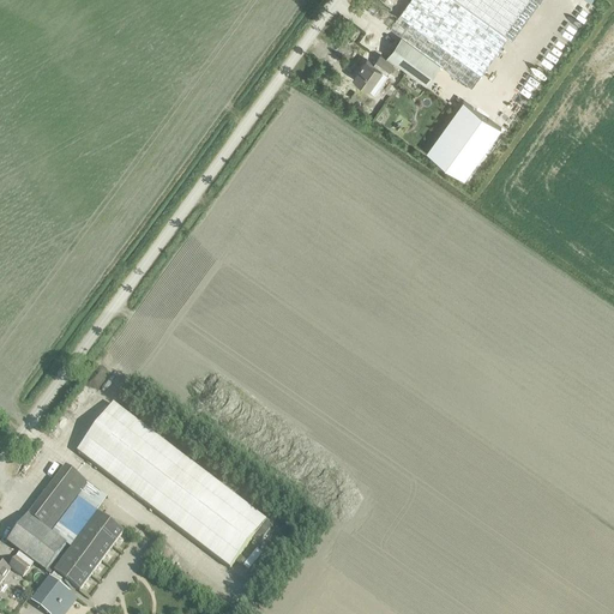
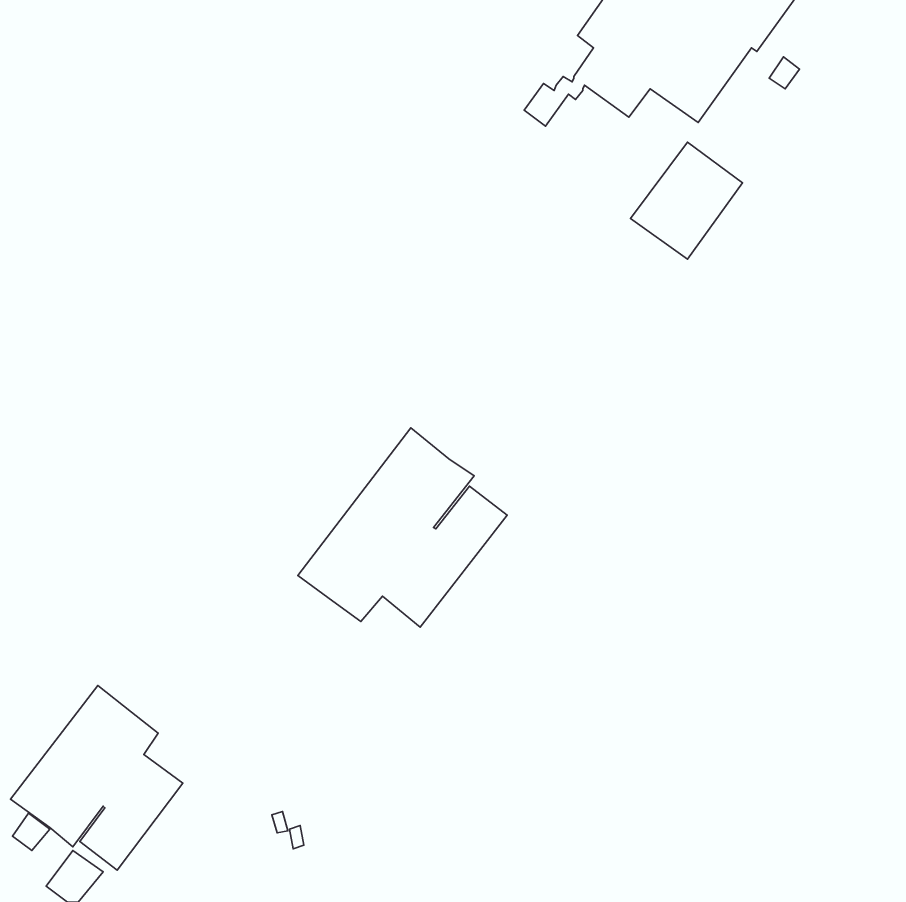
building: none -> [298,428,507,627]
building: [78,401,267,566] -> none

